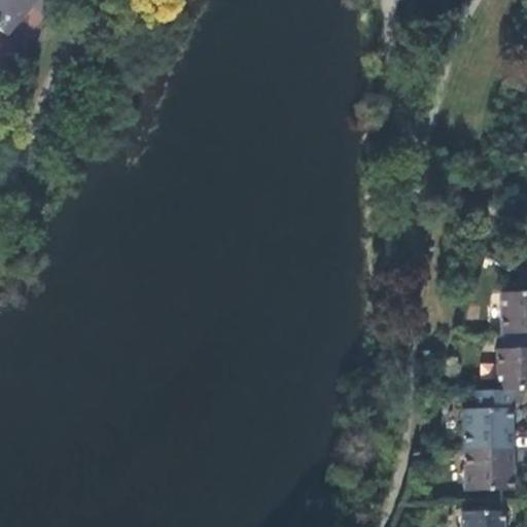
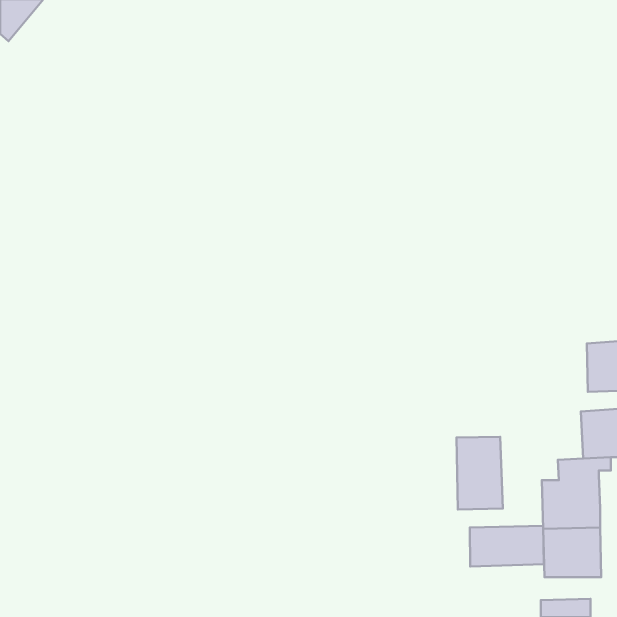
building: none -> [456,437,503,509]
building: none -> [470,526,544,567]

